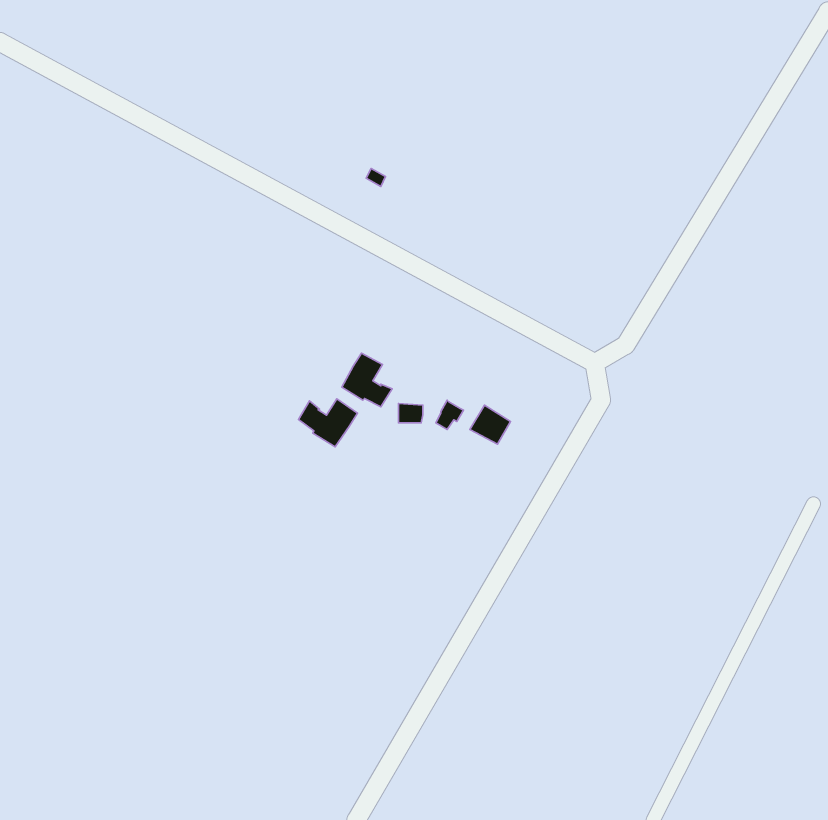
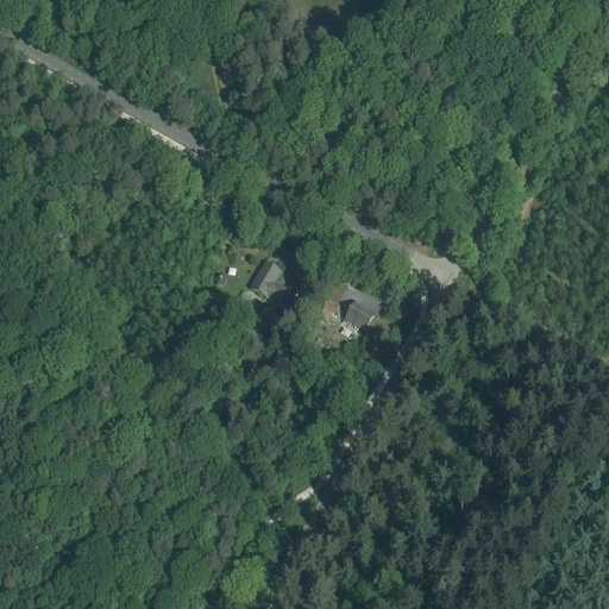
building: [298,399,357,447] -> none

